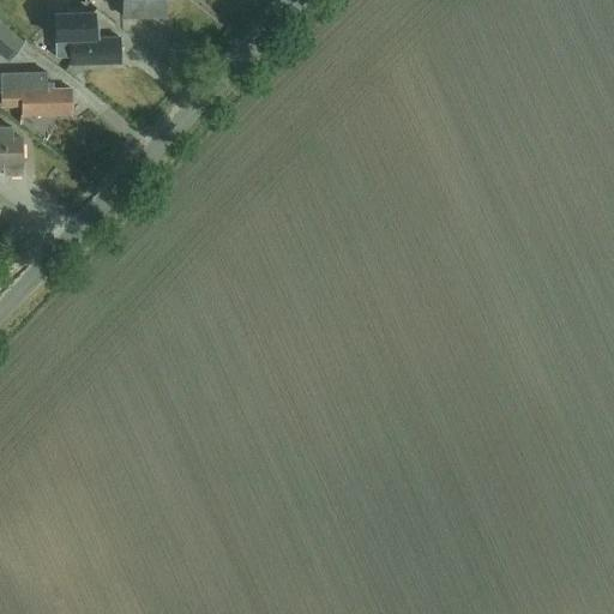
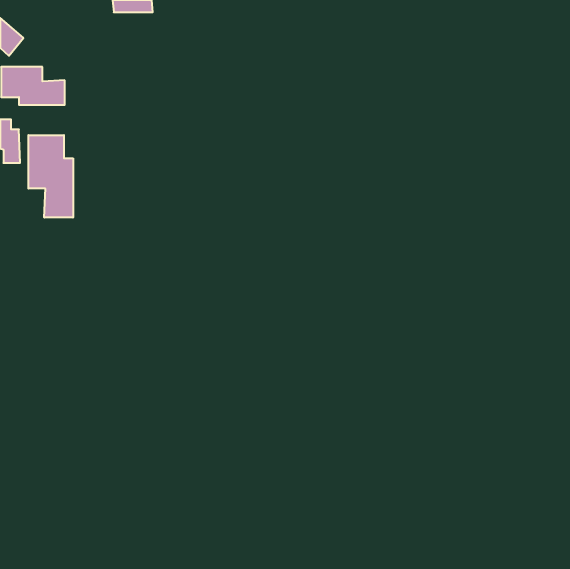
building: [54,12,120,65] -> none
building: none -> [28,135,73,218]

